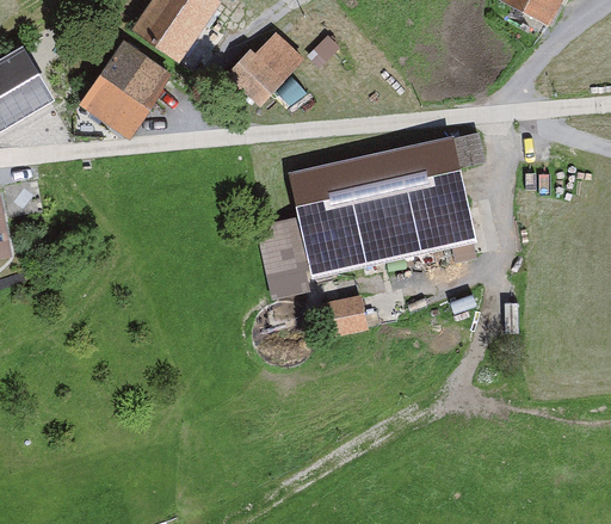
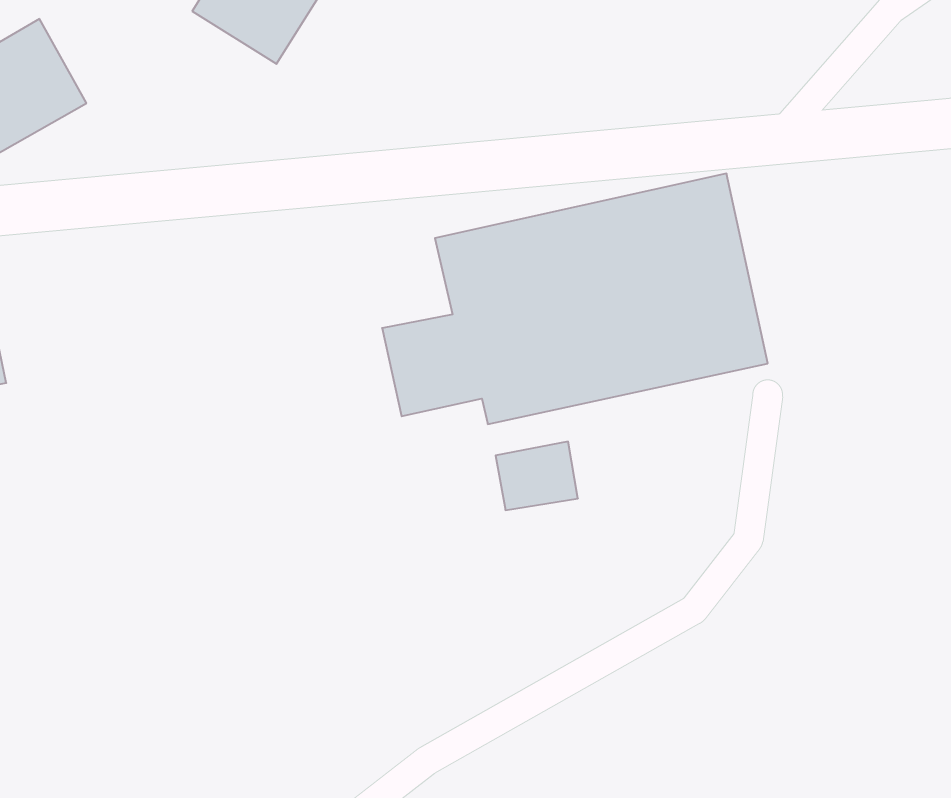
building: [229,32,302,106] -> none
building: [79,45,172,140] -> none

